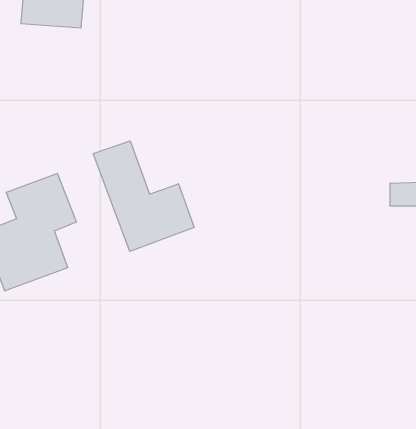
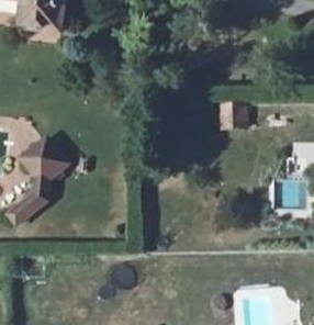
building: [93,141,194,251] -> none

